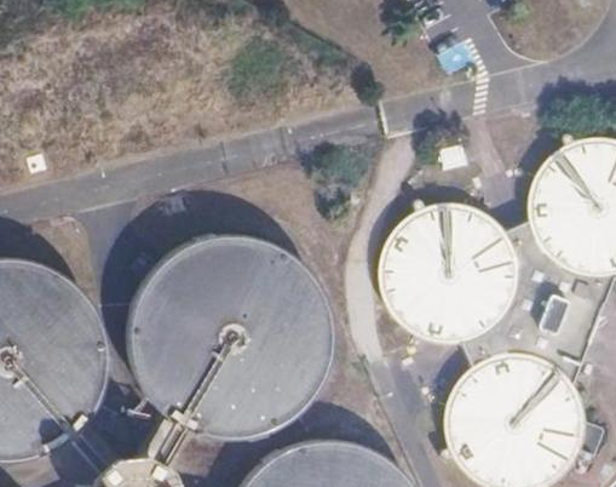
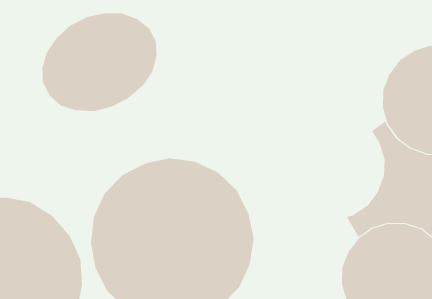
building: none -> [42,12,157,112]
building: [379,205,518,344] -> none

